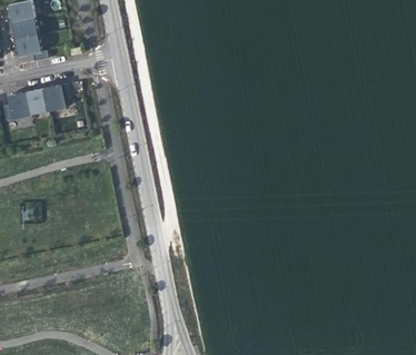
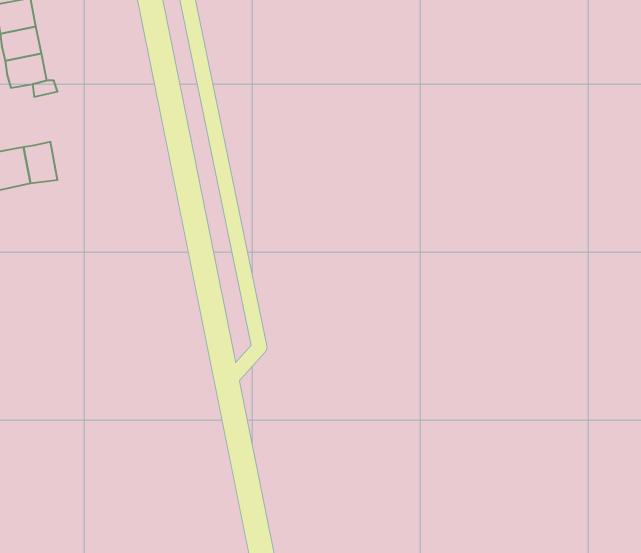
building: [42,85,70,112] -> none

